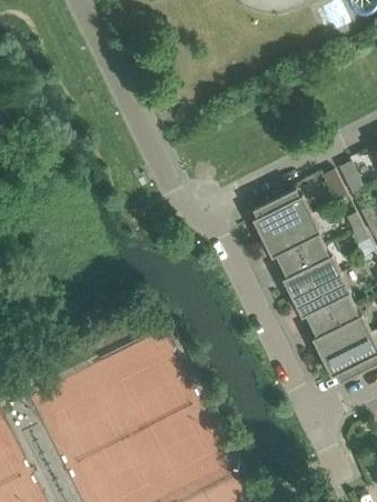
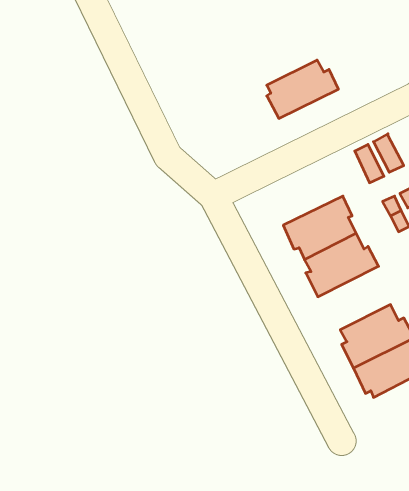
building: [251,189,311,238] -> [267,60,338,118]
building: [290,272,351,325] -> none

